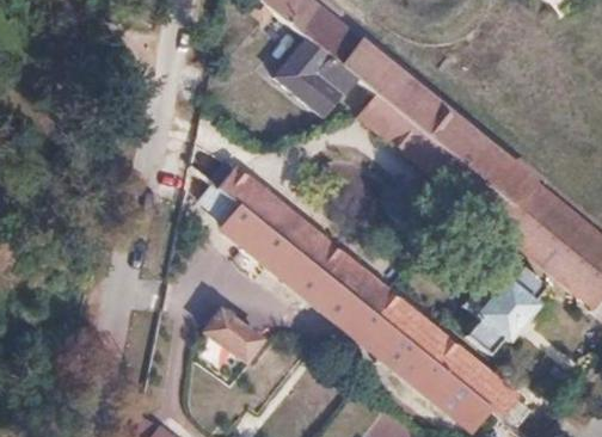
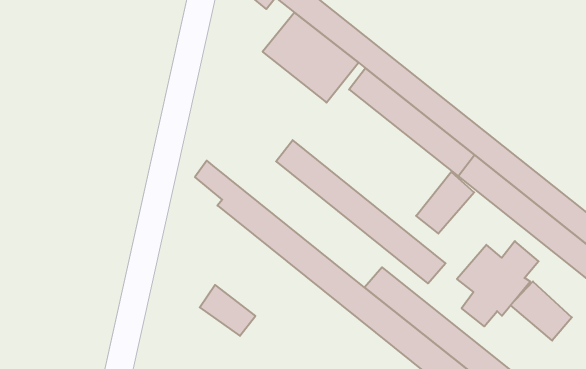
building: [220,166,391,310] -> [276,140,446,283]
building: none -> [416,172,474,234]
building: none -> [511,281,572,341]

